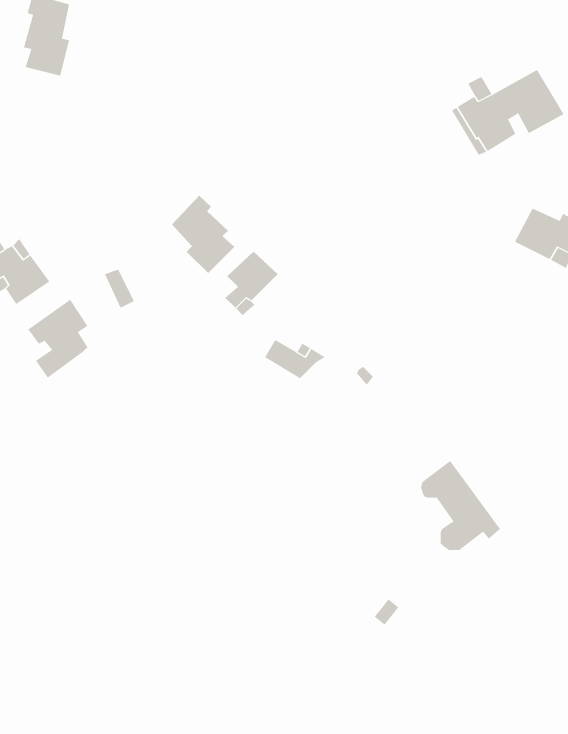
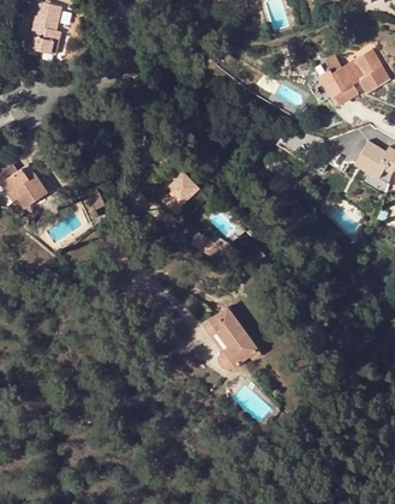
building: [171,195,235,274] -> none
building: [27,299,88,378] -> none
building: [420,460,501,550] -> [205,307,259,367]

